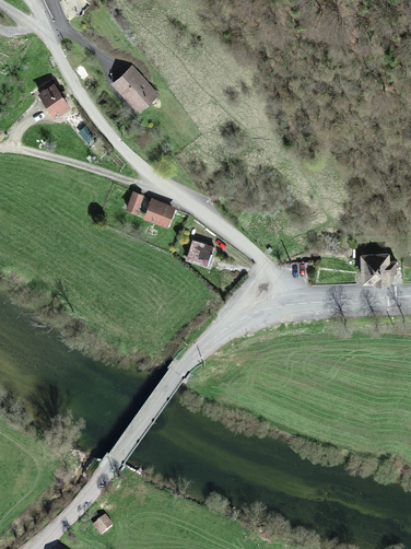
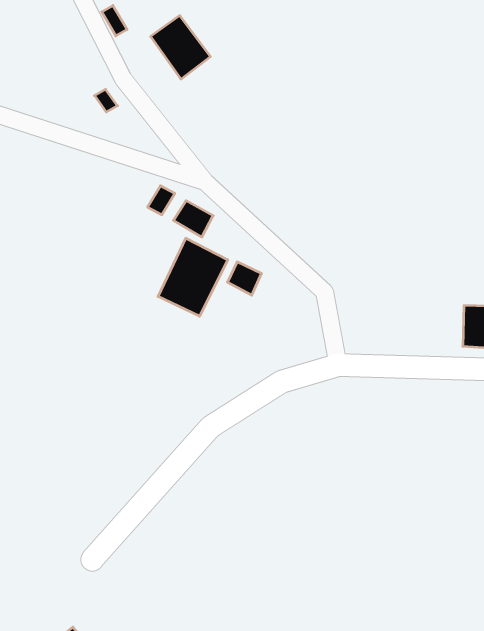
building: [36,82,69,117] -> none
building: none -> [158,238,228,316]

